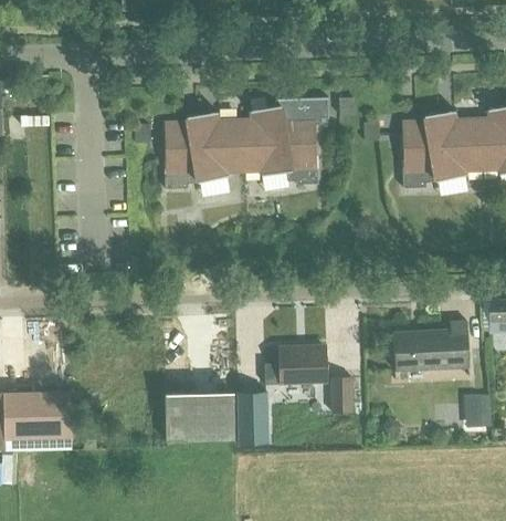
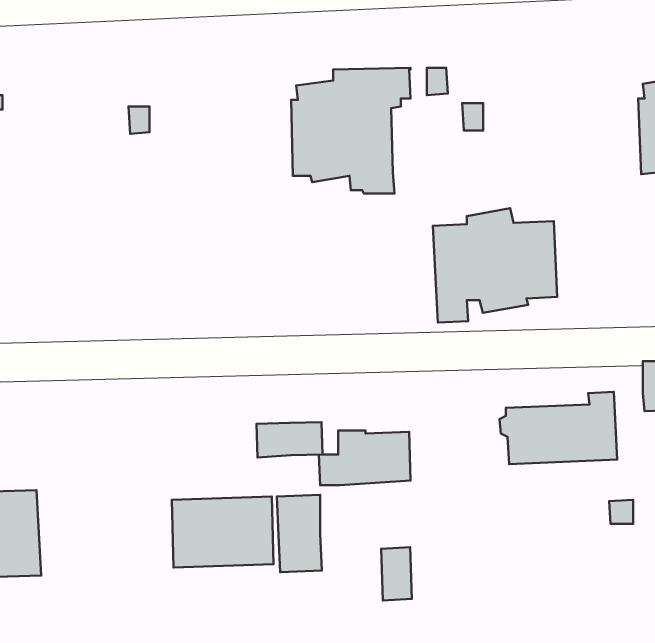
building: [401,110,486,188] -> [433,208,557,323]
building: [164,111,247,188] -> none
building: none -> [256,422,323,458]
building: [333,376,354,413] -> [381,547,412,600]

